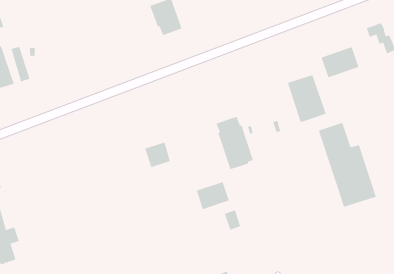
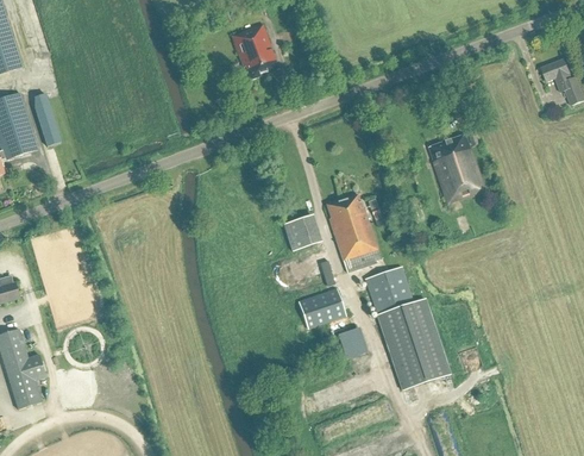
building: [320,46,359,78] -> none
building: [318,122,377,208] -> [365,266,450,389]
building: [144,142,171,168] -> [287,208,325,246]

